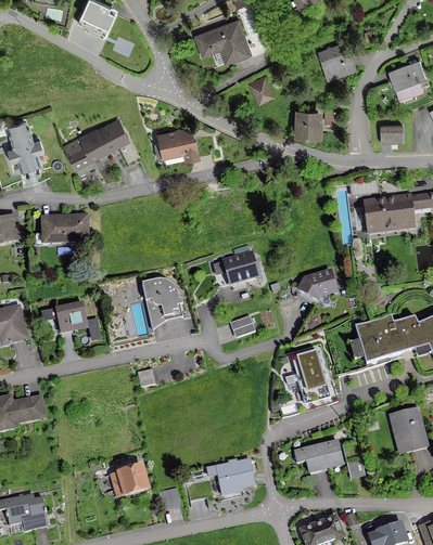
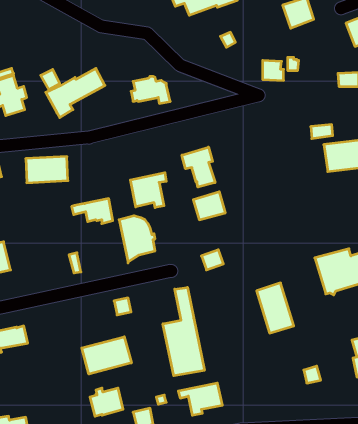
building: none -> [182,147,215,187]
building: none -> [130,173,166,208]
building: [298,271,335,298] -> none
building: [41,302,86,329] -> [72,199,113,224]
building: none -> [163,287,204,376]
building: none -> [82,337,131,374]
building: [294,441,342,470] -> none

